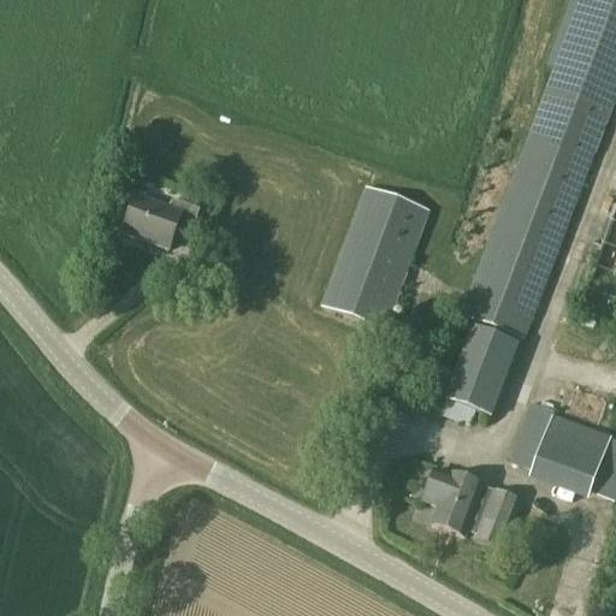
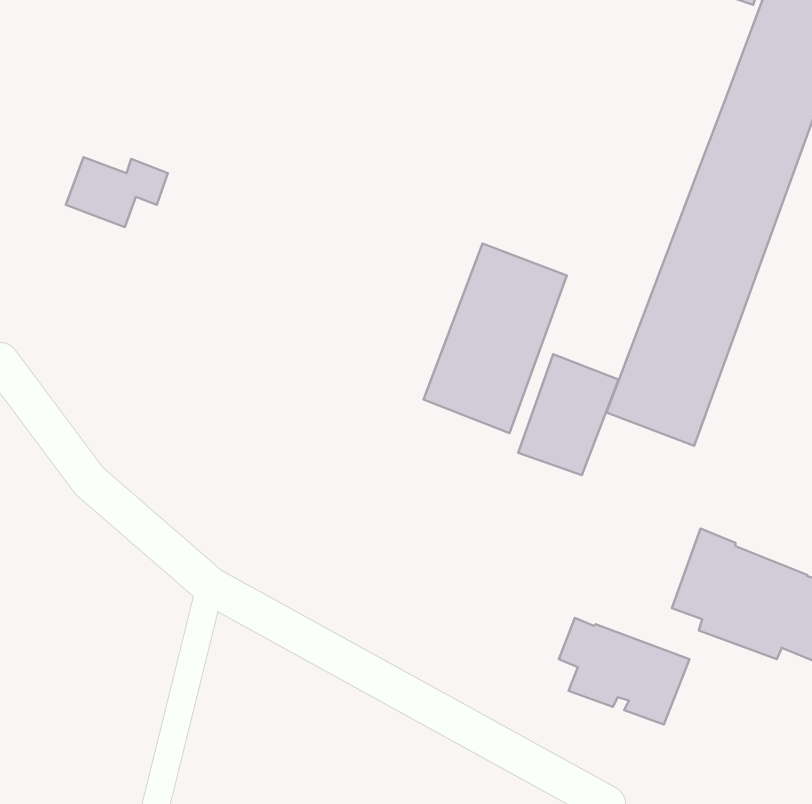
building: [124,194,201,247] -> [66,157,168,227]
building: [444,322,520,414] -> [518,354,619,475]

